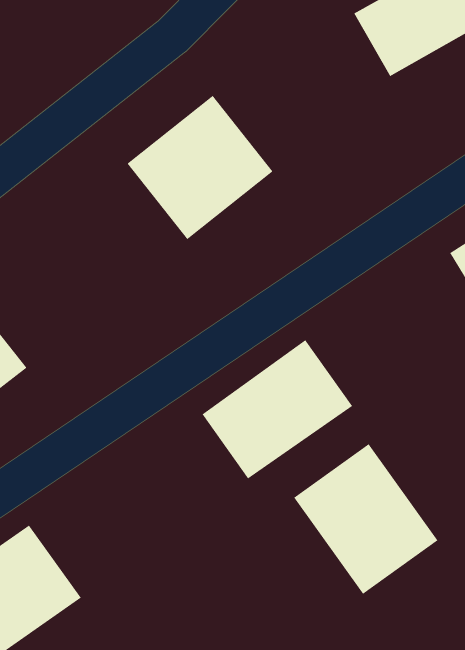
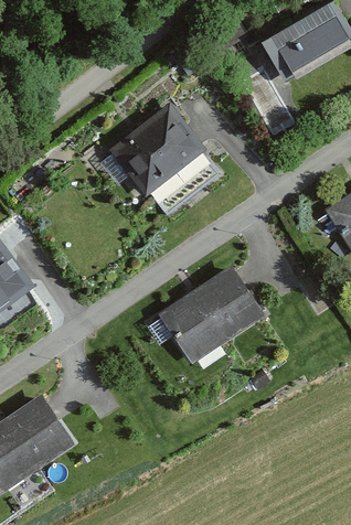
building: [293,443,438,595] -> none

